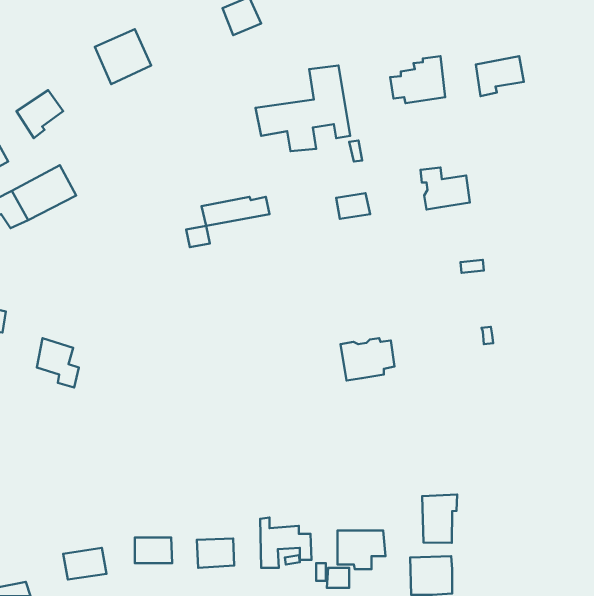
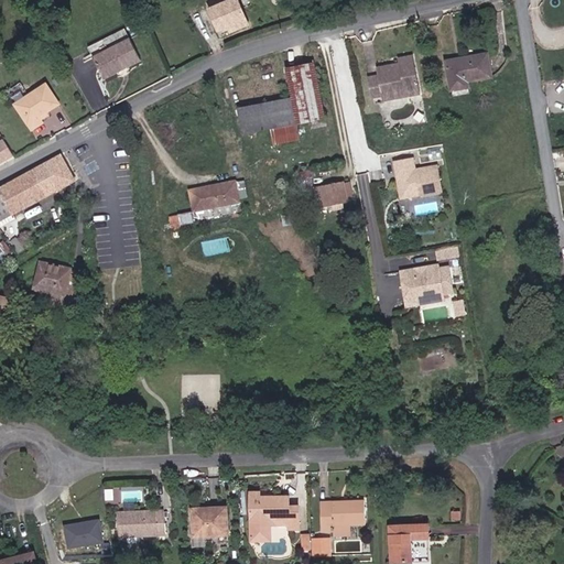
building: [341,338,395,380] -> [400,273,451,313]
building: [37,338,79,388] -> [29,256,68,302]
building: [422,495,457,543] -> none

